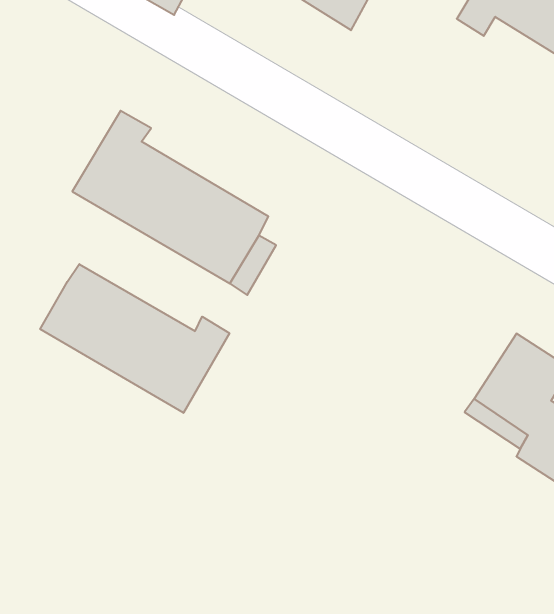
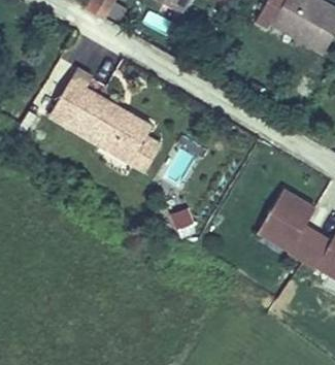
building: [40,264,229,413] -> none

